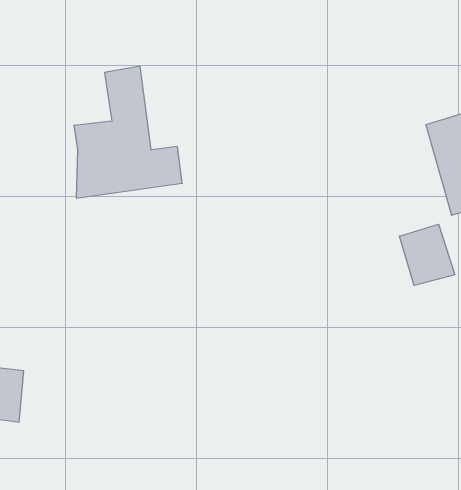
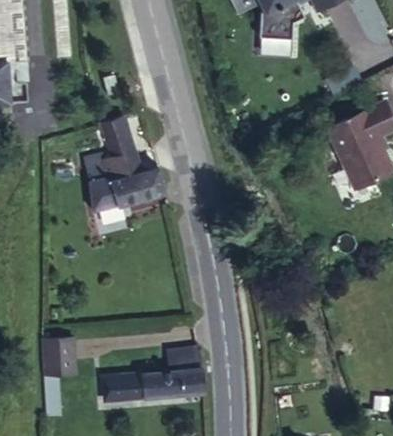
building: [399,224,455,285] -> none
building: none -> [107,347,208,400]

